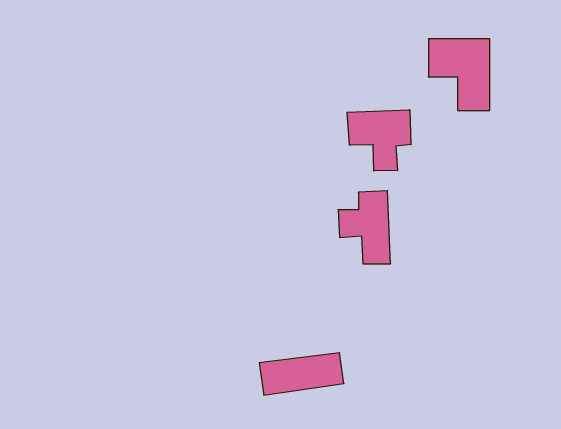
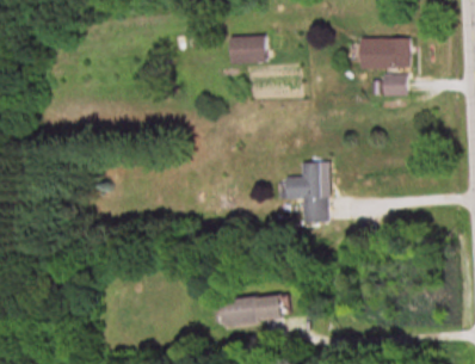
building: none -> [229,36,266,63]
building: [347,110,411,171] -> none

